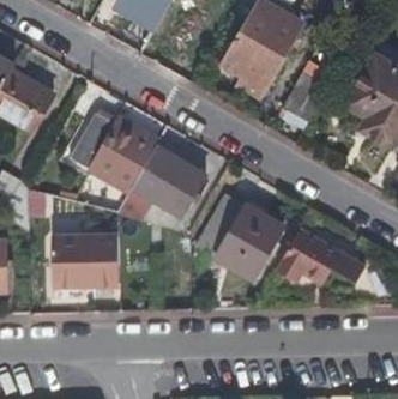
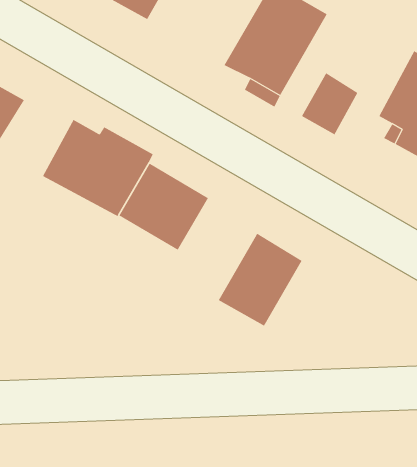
building: [192,192,245,258] -> none
building: [275,228,363,283] -> none
building: [52,234,119,285] -> none

